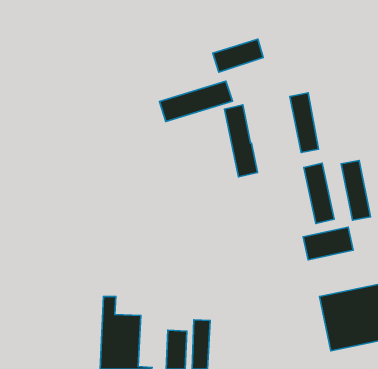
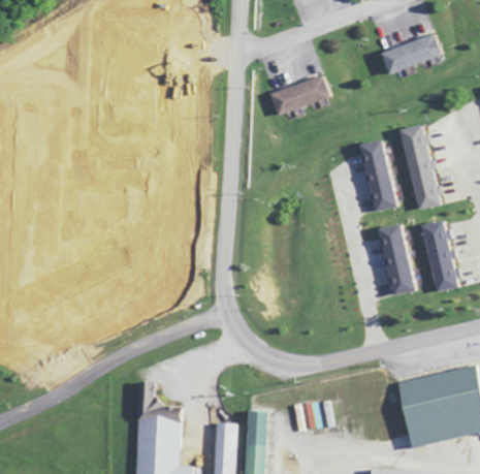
building: none -> [379,33,440,74]
building: [159,81,232,122] -> none
building: [225,105,257,177] -> [402,124,441,210]
building: [303,227,353,260] -> none

